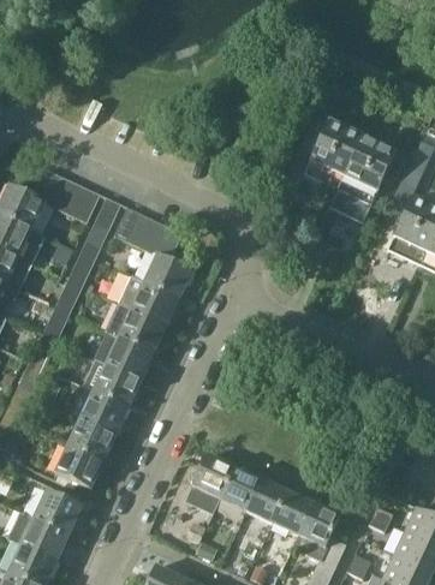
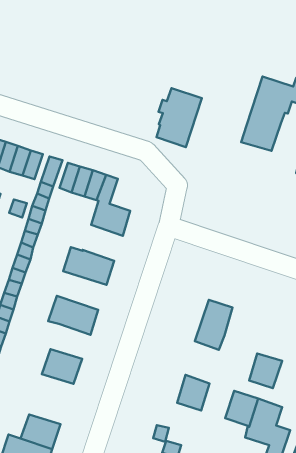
building: [304,119,362,189] -> [156,88,202,147]
building: [118,277,179,326] -> none
building: [95,332,154,380] -> none
building: [81,390,129,434] -> none
building: [55,446,102,489] -> none
building: [184,454,232,513] -> [195,300,233,350]
building: [245,479,286,521] -> [249,353,282,388]

